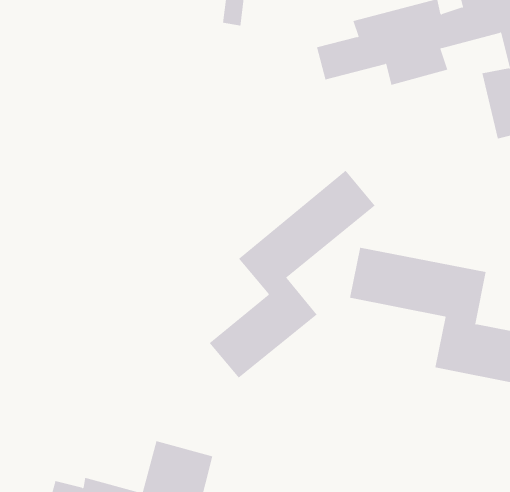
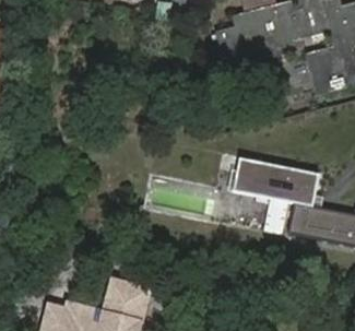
building: [209,170,375,379] -> none

